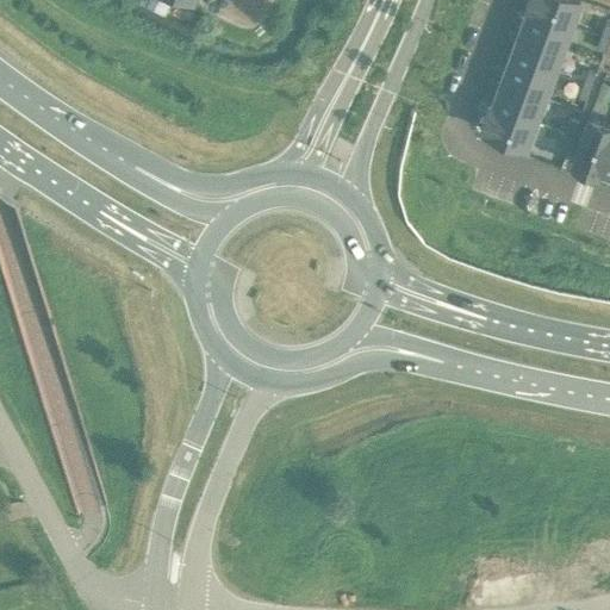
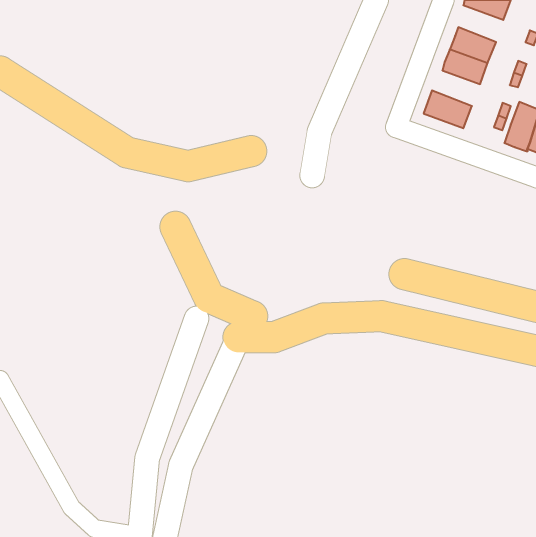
building: [521,6,572,48] -> none
building: [491,80,546,120] -> none

